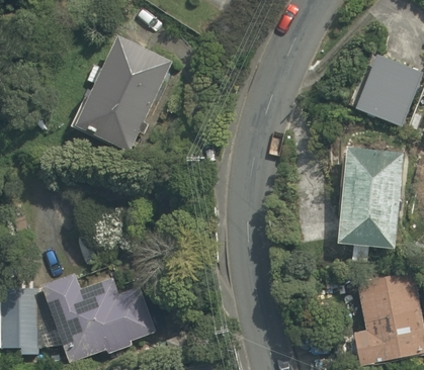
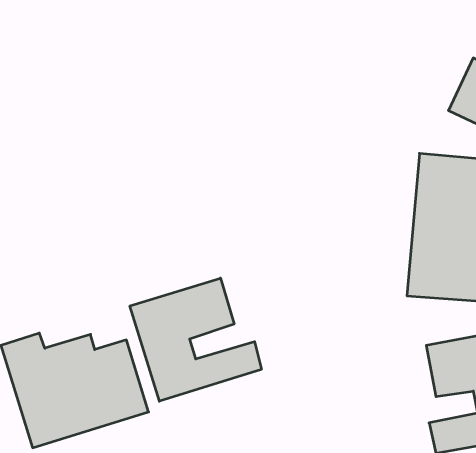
building: [79,38,167,148] -> none
building: none -> [130,278,261,401]

